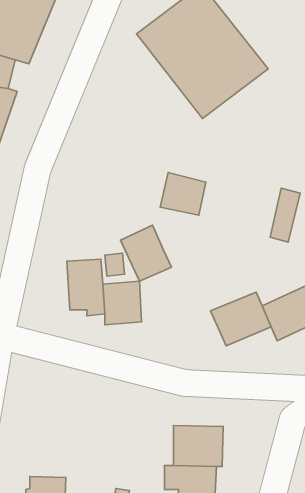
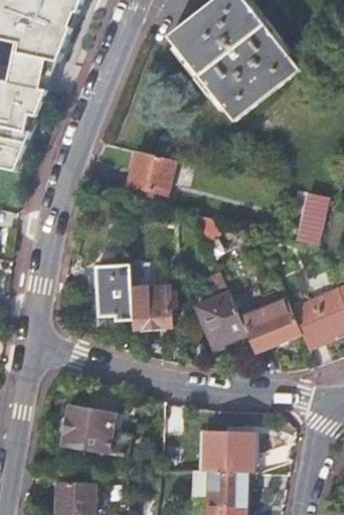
building: [160,172,206,215] -> [128,150,174,193]
building: [121,225,171,281] -> [196,291,247,347]
building: none -> [62,404,128,456]

